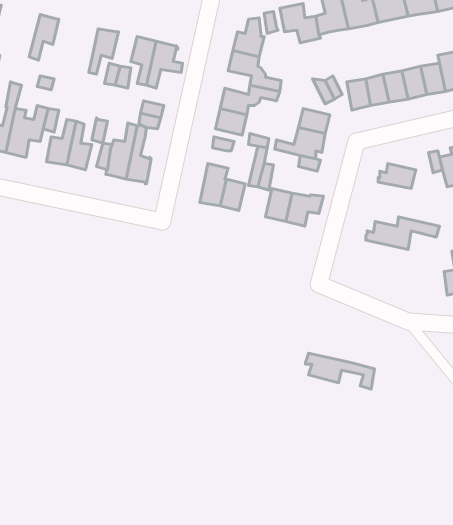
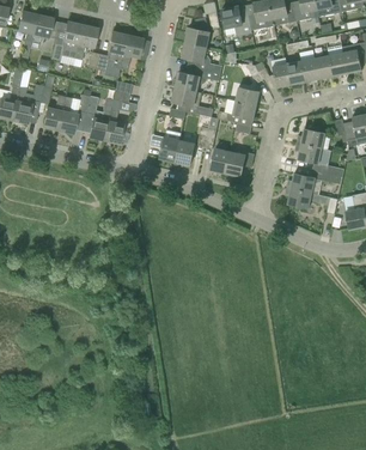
building: none -> [17,11,38,68]
building: none -> [51,20,83,60]
building: none -> [294,142,344,176]
building: [305,353,374,389] -> [285,187,337,214]

